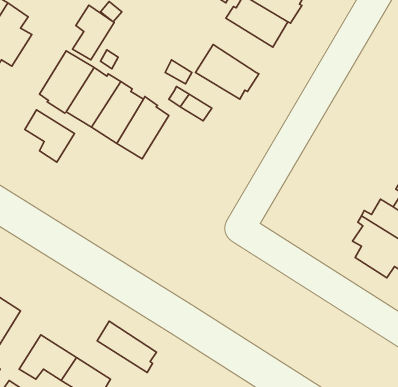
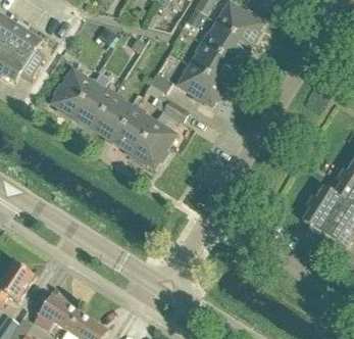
building: [73,5,114,60] -> none
building: none -> [190,40,238,84]
building: [25,110,75,162] -> none
building: none -> [132,118,176,167]
building: [97,321,156,372] -> none

